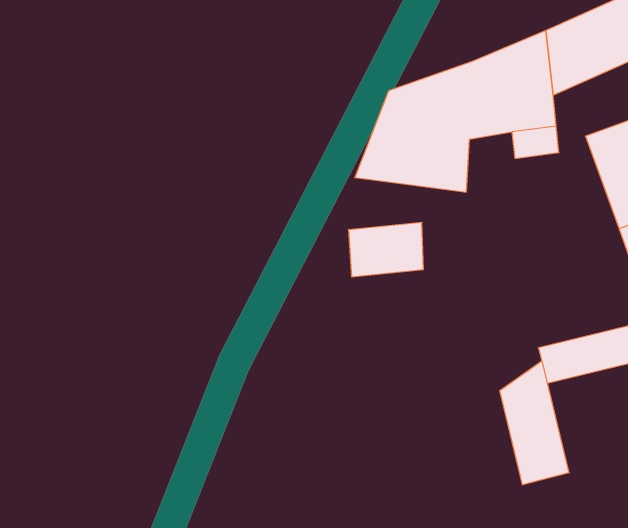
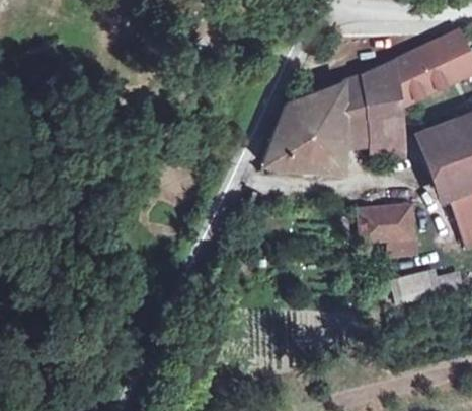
building: [348,222,423,277] -> [361,206,412,244]
building: [500,361,569,485] -> none

